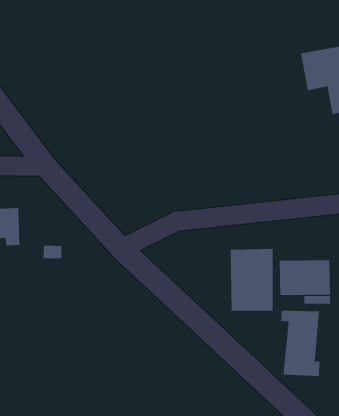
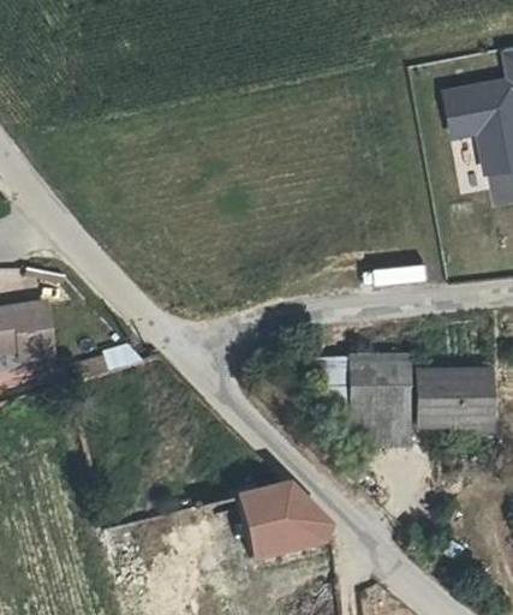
building: [280,310,320,377] -> none
building: none -> [244,482,333,554]

